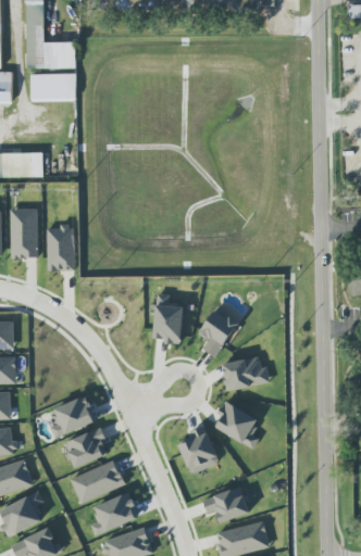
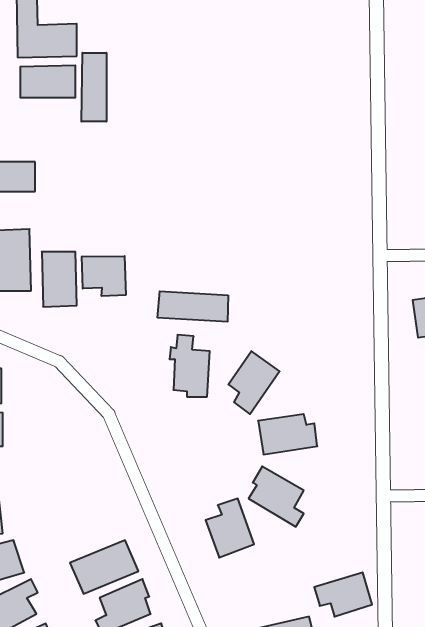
building: none -> [81,53,106,122]
building: none -> [82,256,126,296]
building: none -> [158,291,228,322]
building: [47,396,95,437] -> none
building: [64,427,107,467] -> none
building: [202,486,249,522] -> [314,572,372,617]

